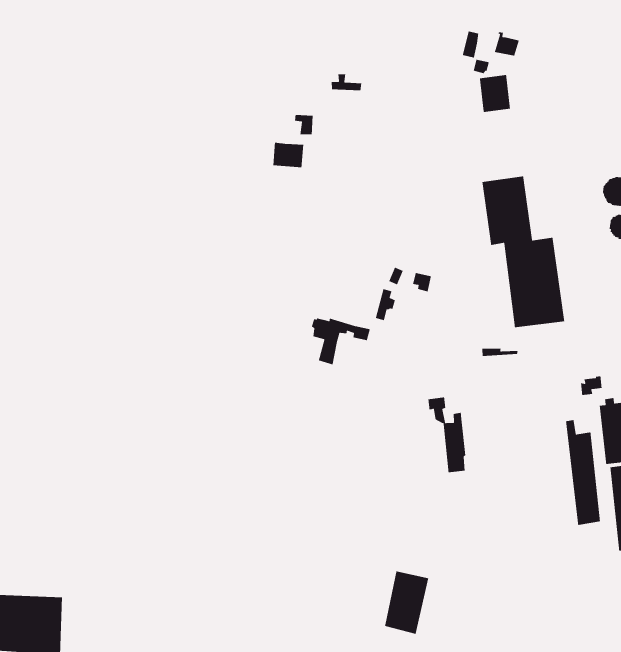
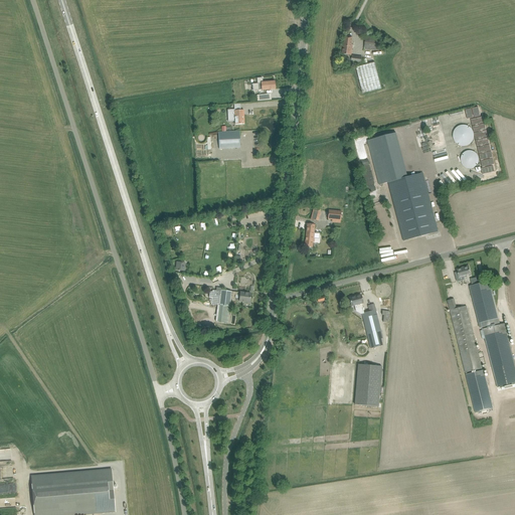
building: [311,317,371,366] -> [208,289,250,322]
building: none -> [465,369,492,413]
building: [384,571,429,635] -> [354,363,381,406]

